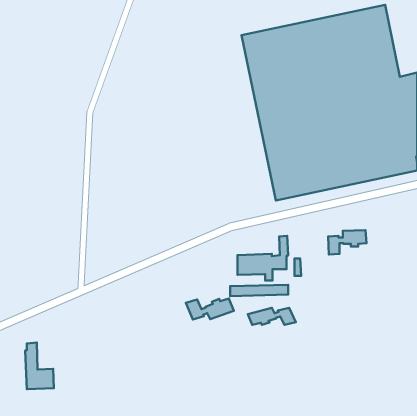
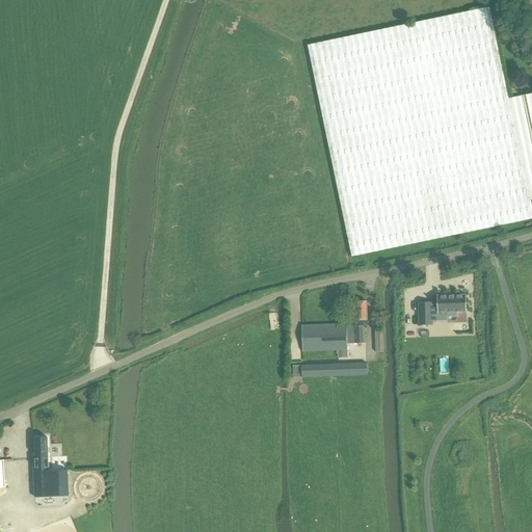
building: [186,299,234,320] -> none
building: [248,308,296,325] -> none

